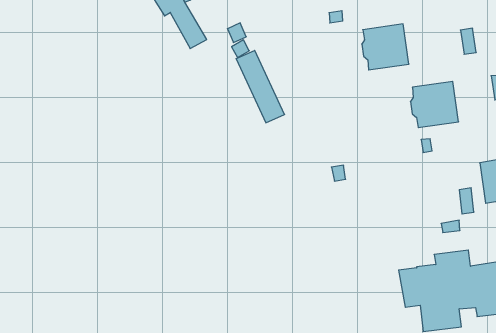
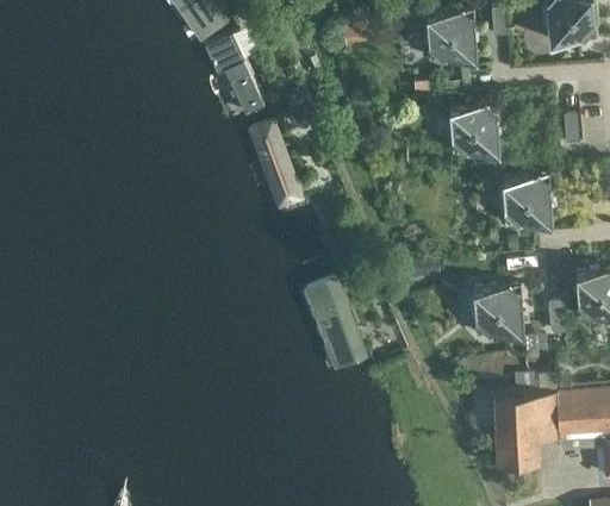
building: [236,50,285,123] -> [250,126,303,212]
building: none -> [472,287,525,337]
building: none -> [309,283,371,374]

